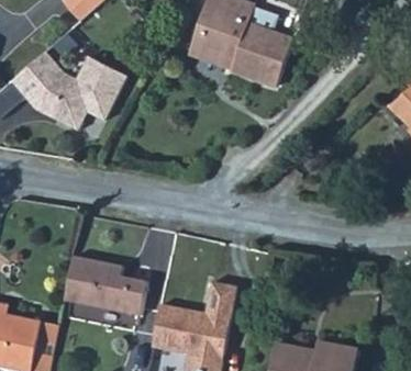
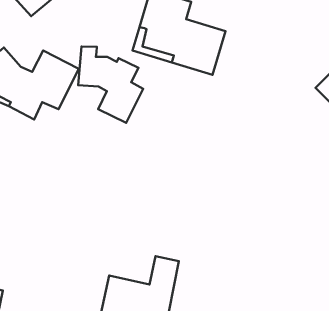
building: none -> [78,47,143,123]
building: [67,256,148,317] -> none

